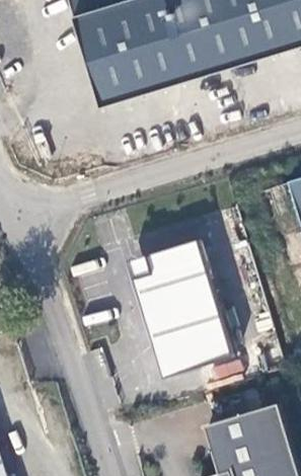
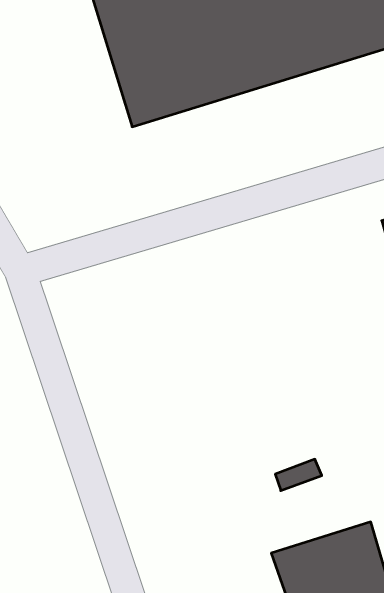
building: [133,235,233,374] -> none

